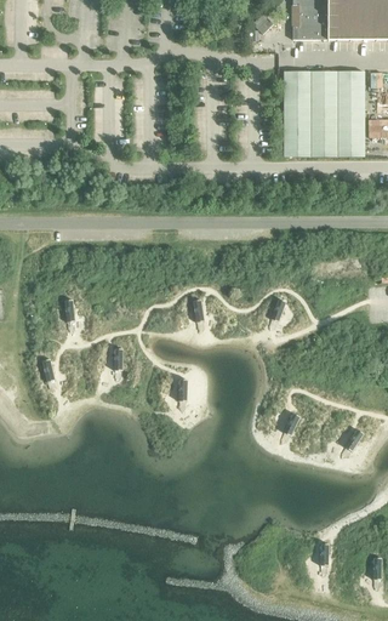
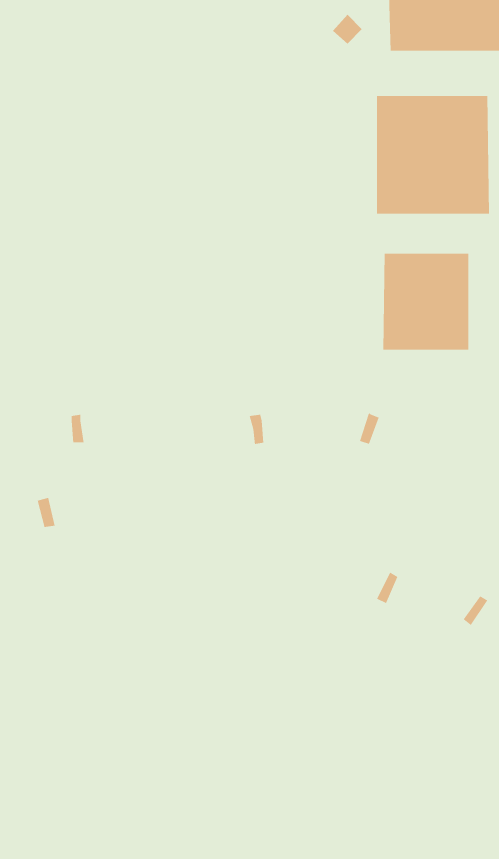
building: none -> [383,253,469,351]

